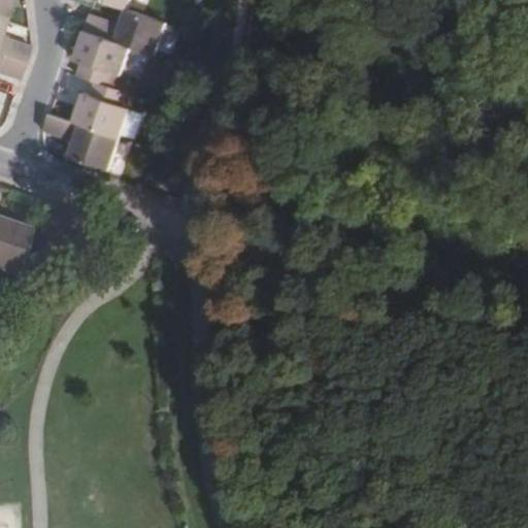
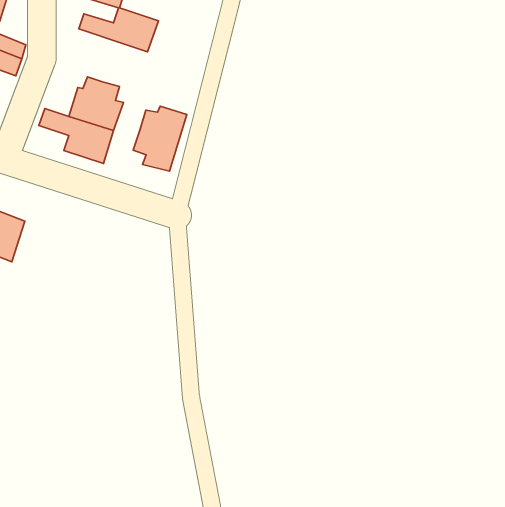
building: [71,30,128,85] -> none
building: none -> [133,106,187,171]

